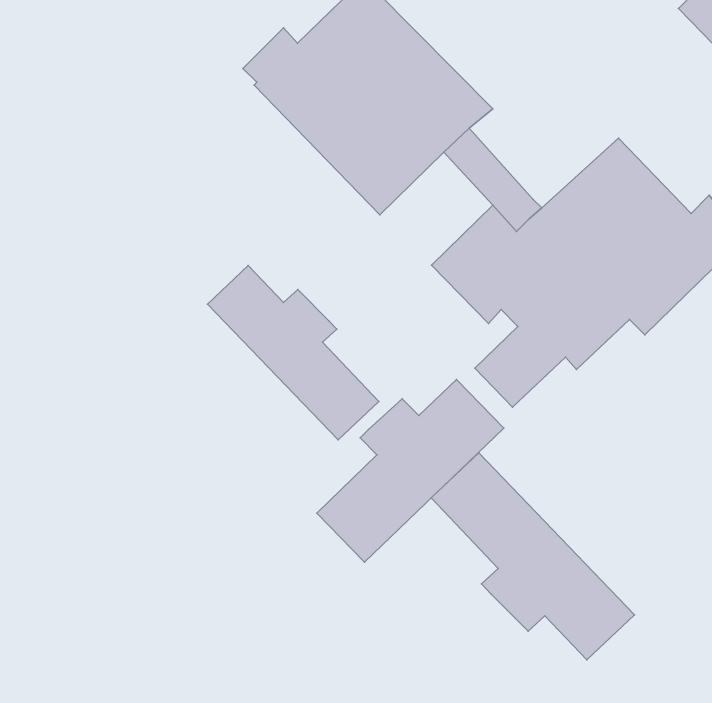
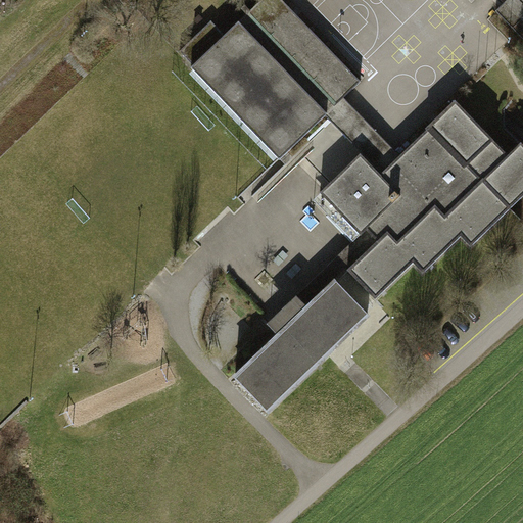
building: [207,266,379,440] -> none
building: [431,453,634,660] -> none

